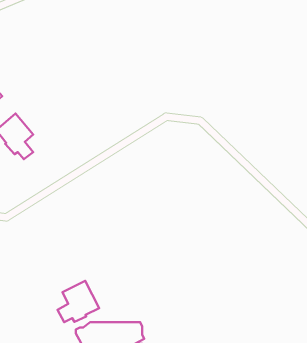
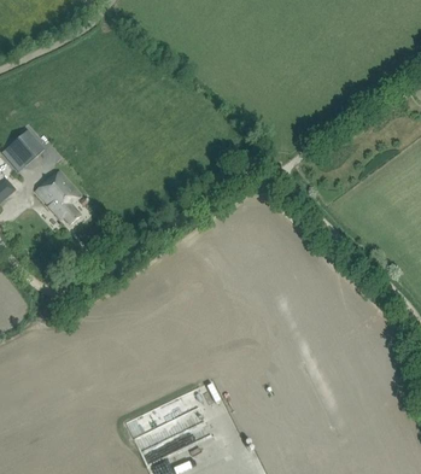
building: [57,281,99,322] -> none

